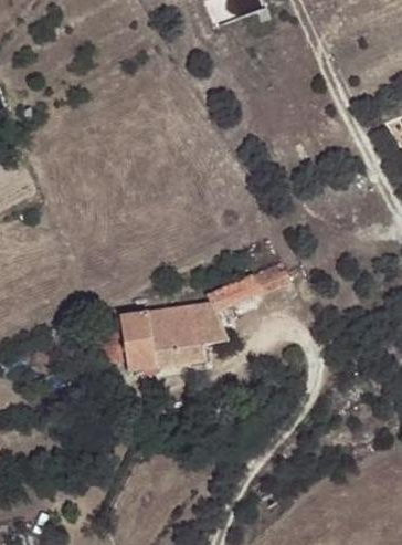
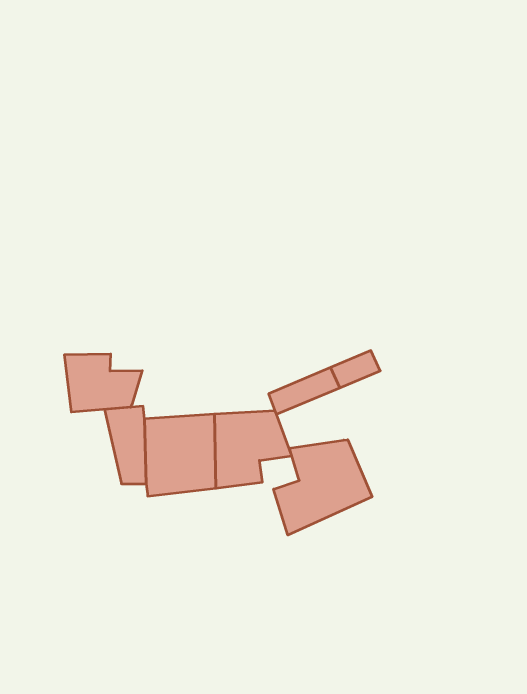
building: none -> [65,354,142,412]
building: none -> [274,440,372,535]

